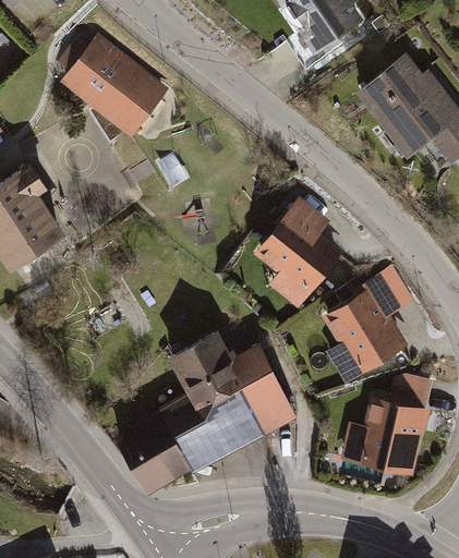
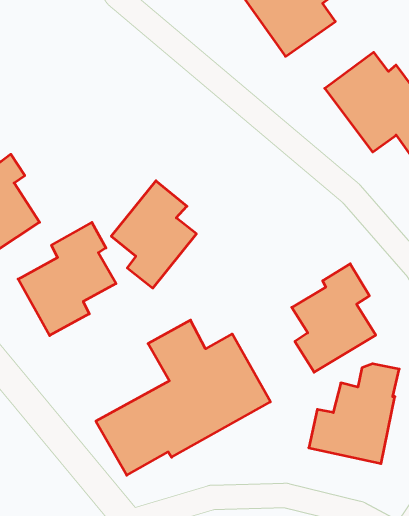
building: [70,35,167,134] -> none
building: [259,195,347,305] -> [111,181,196,288]
building: none -> [18,222,116,336]

